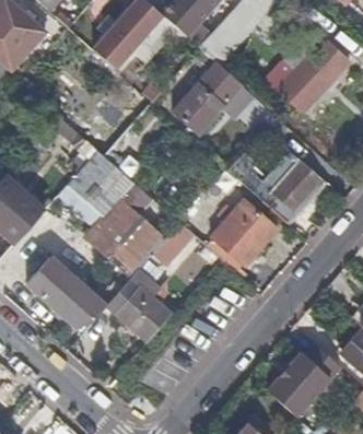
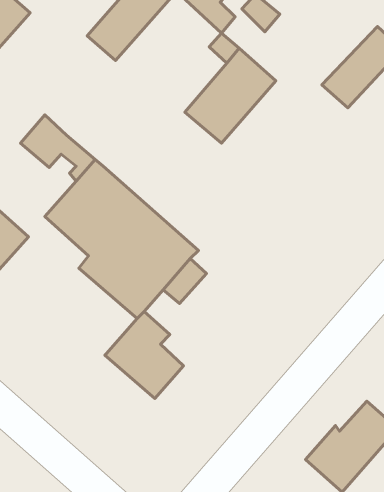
building: [227,151,321,222] -> none
building: [212,199,278,265] -> none
building: [26,255,107,330] -> none

